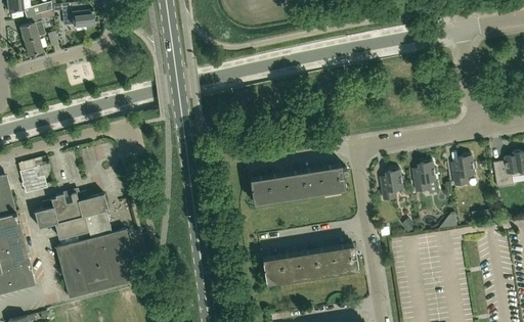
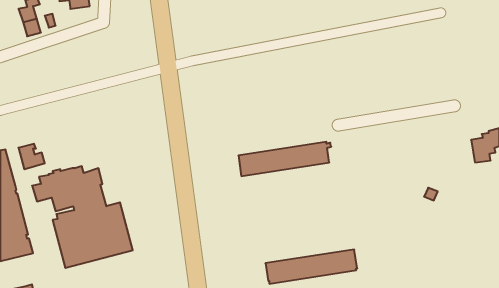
building: [452,155,477,187] -> none
building: [412,162,438,193] -> none
building: [381,170,405,201] -> none
building: [262,247,358,283] -> [265,250,357,284]

